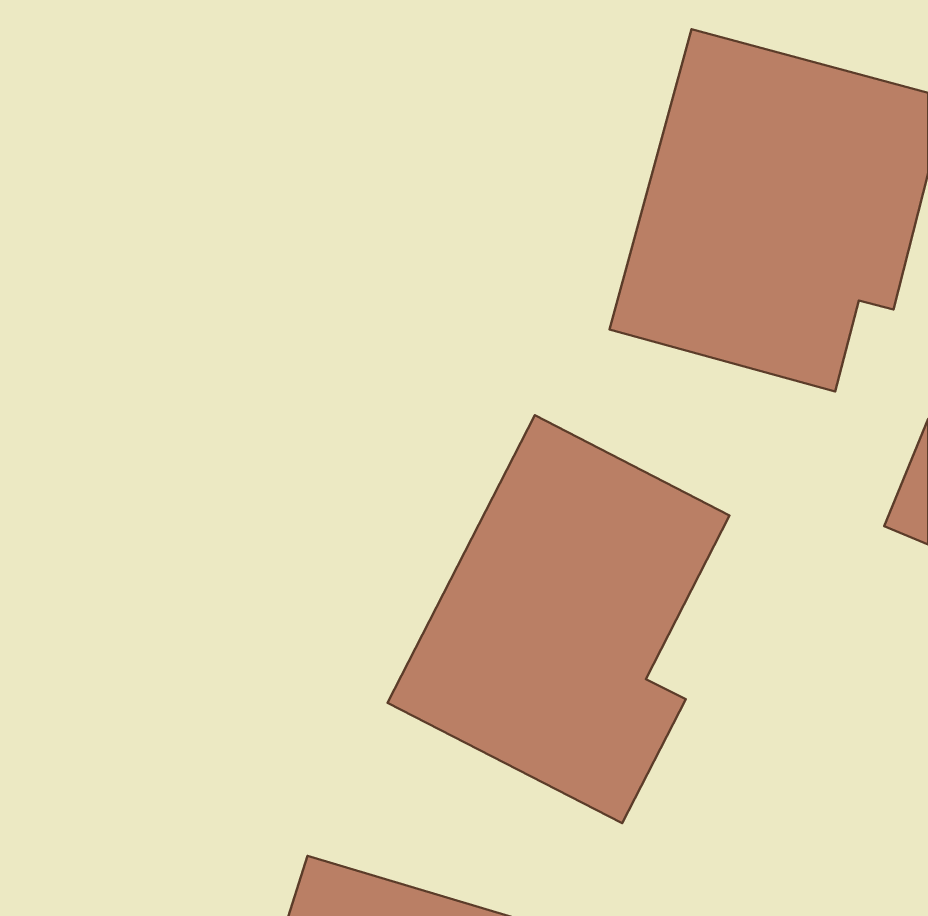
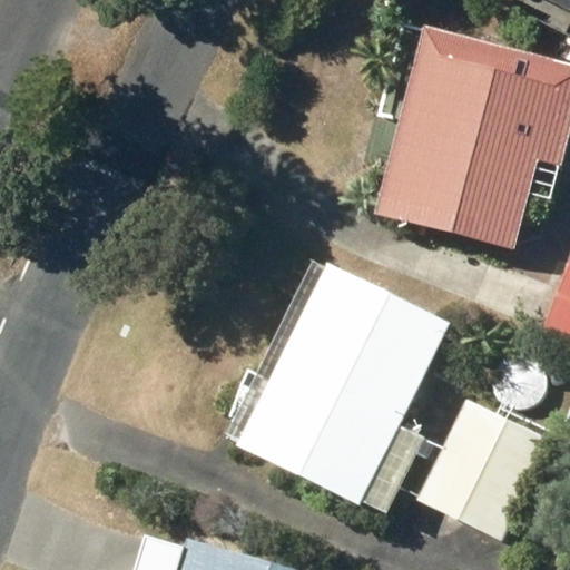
building: none -> [414,401,551,544]

